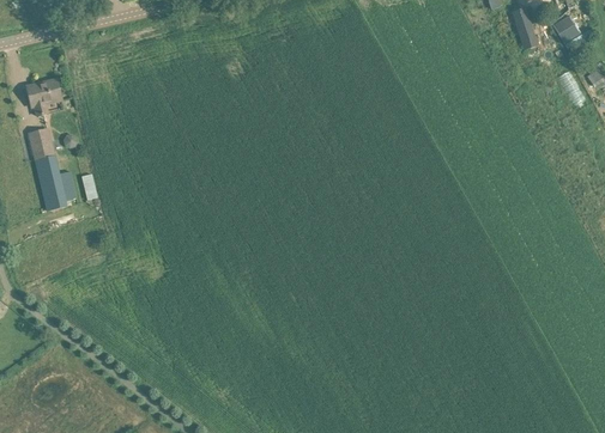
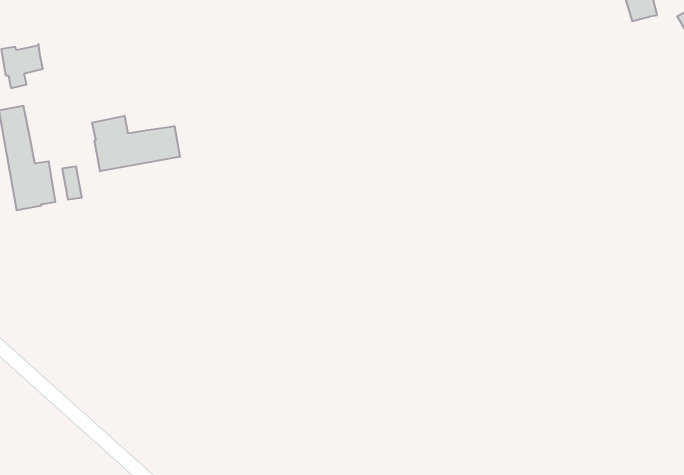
building: none -> [92,116,180,171]

